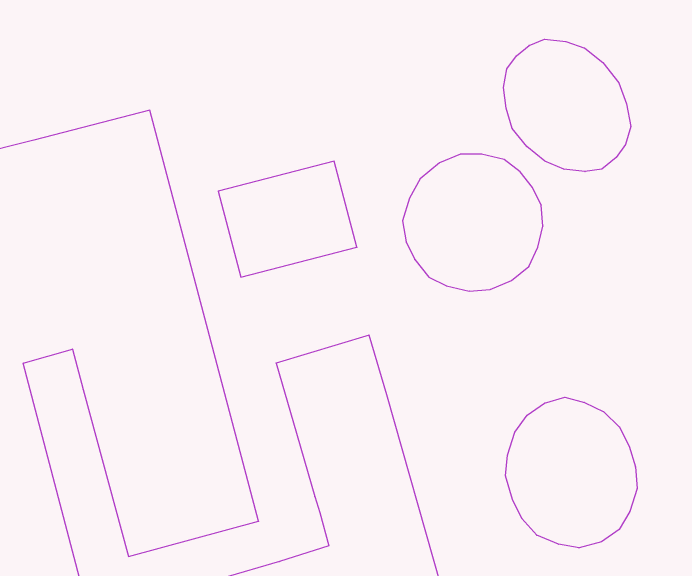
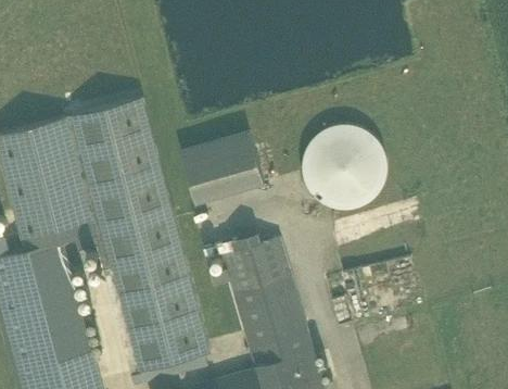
building: [503,39,631,172] -> none
building: [506,397,637,548] -> none

